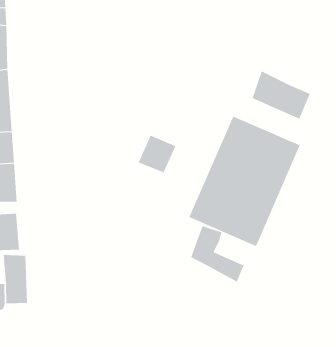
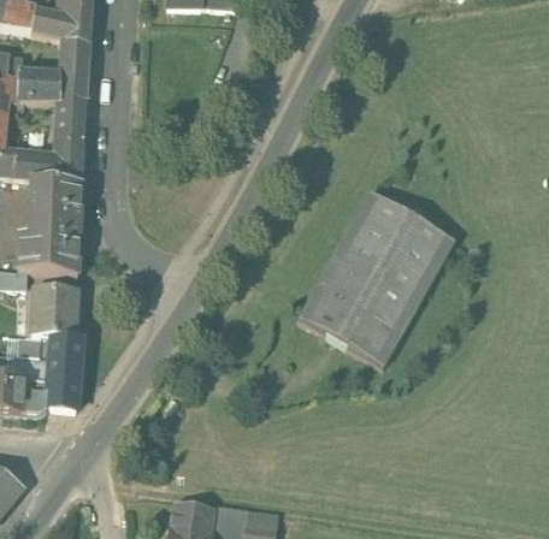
building: [252,71,311,119] -> none
building: [138,135,176,173] -> none
building: [191,226,244,282] -> none

